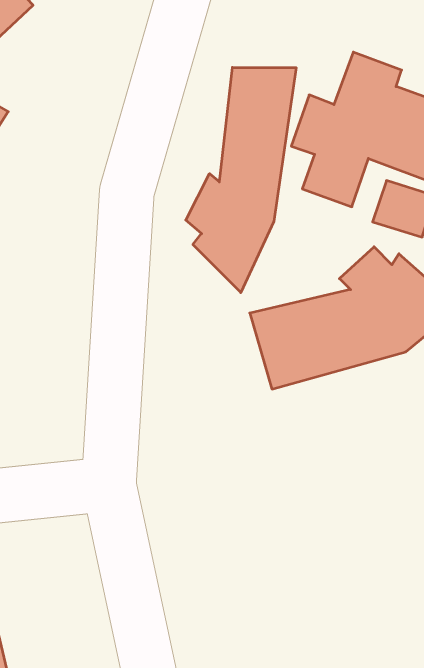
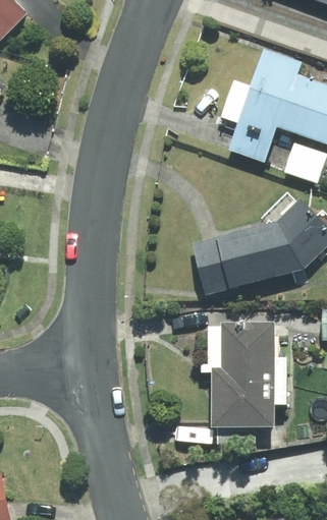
building: [186,67,296,293] -> none
building: none -> [202,321,287,432]

